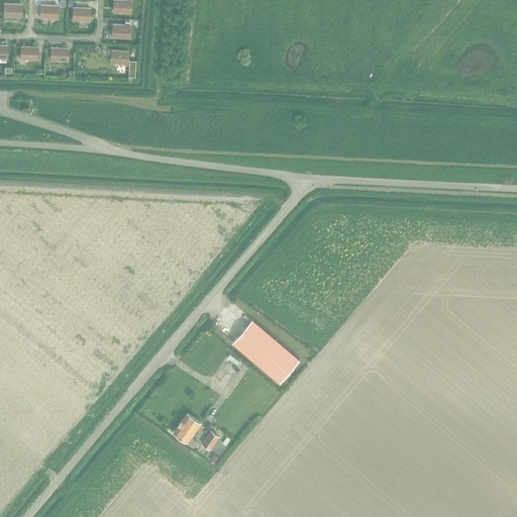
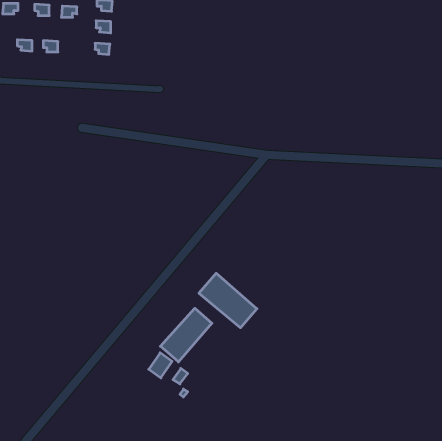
building: none -> [160,308,212,362]

